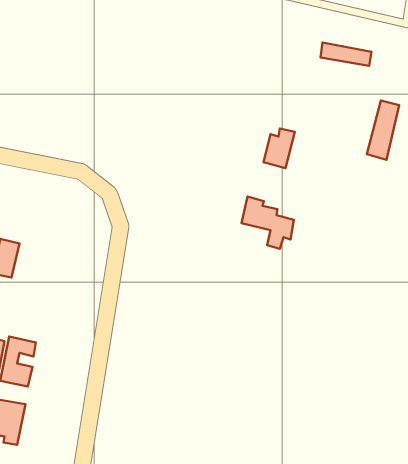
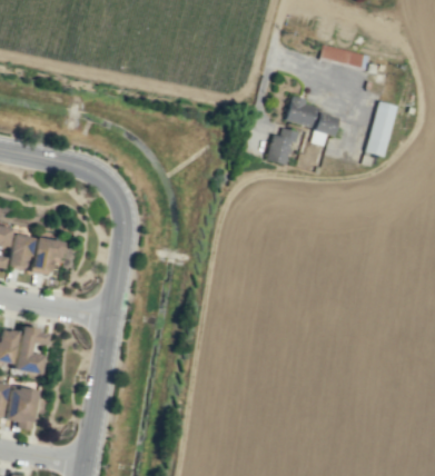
building: [242,196,294,249] -> [287,95,337,145]
building: none -> [32,237,63,274]

